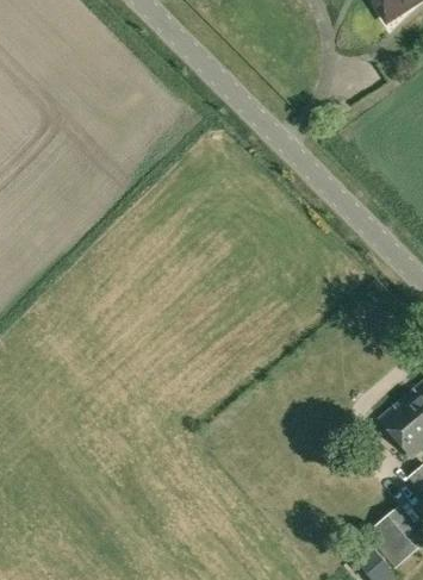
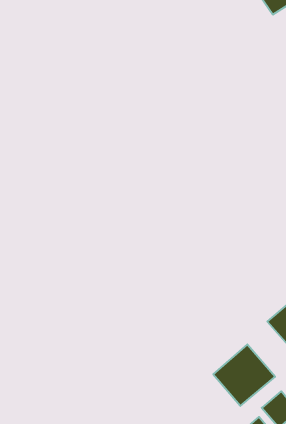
building: none -> [213,344,275,406]

